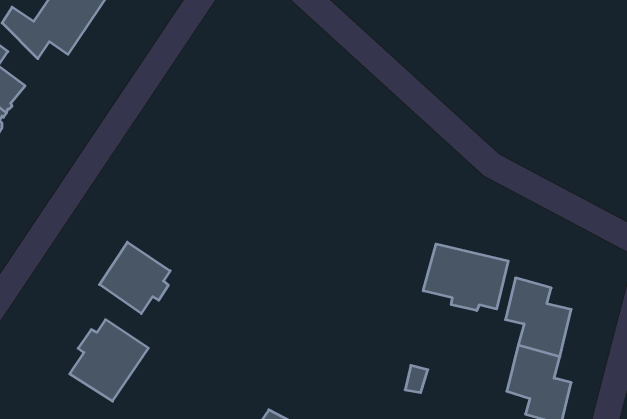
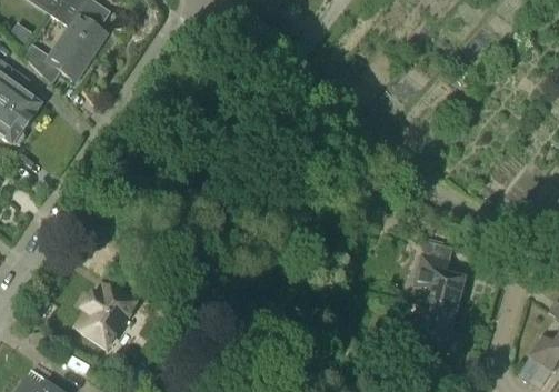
building: [99,242,170,314] -> none
building: [423,244,508,311] -> none

